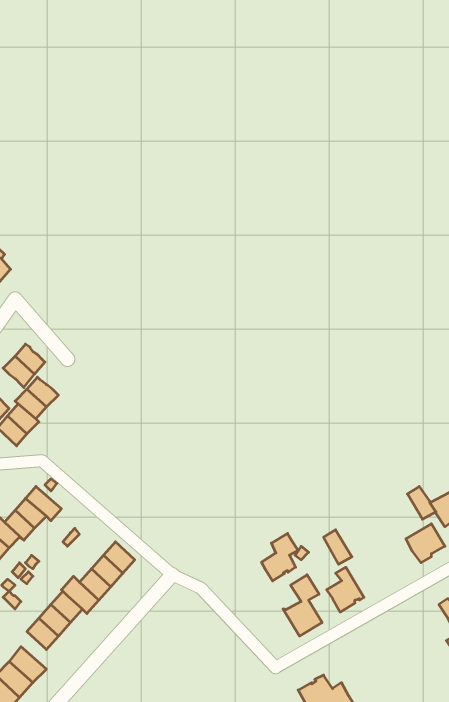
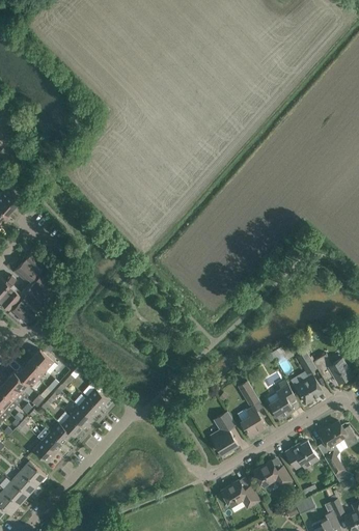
building: none -> [269,380,295,419]
building: [262,533,298,581] -> none
building: none -> [283,441,317,469]
building: none -> [252,460,292,487]

